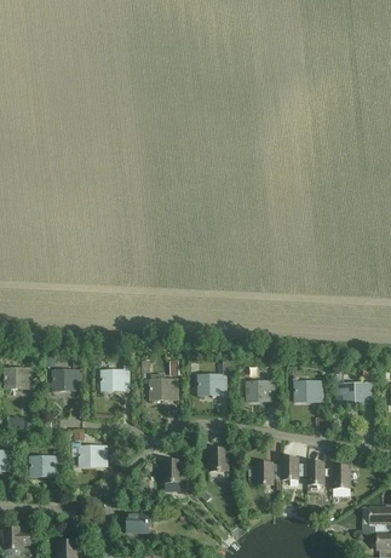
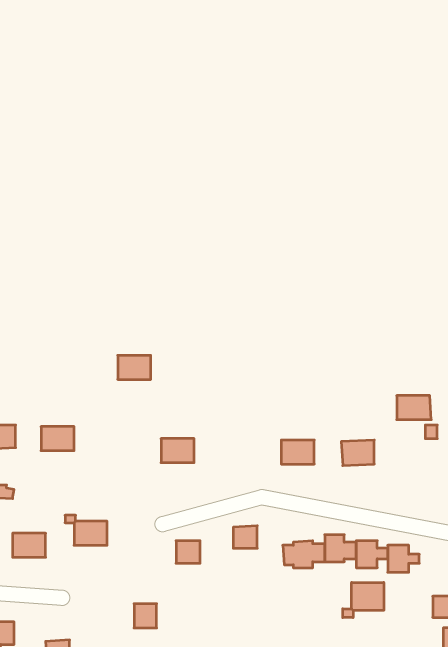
building: [100,370,127,390] -> [118,355,151,379]
building: [197,375,224,395] -> none
building: [343,384,370,403] -> [397,396,431,420]
building: none -> [343,582,384,618]

